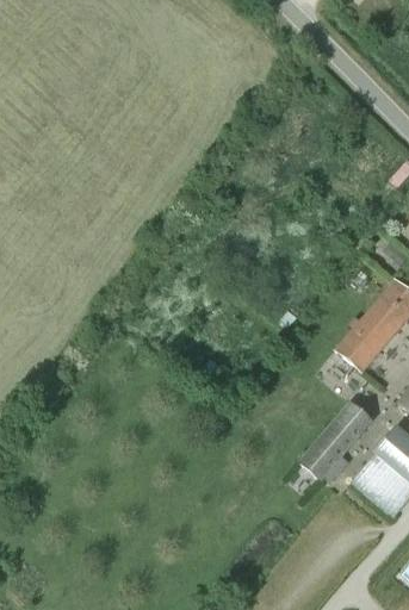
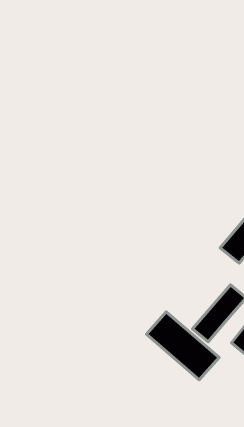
building: none -> [146,312,219,380]

